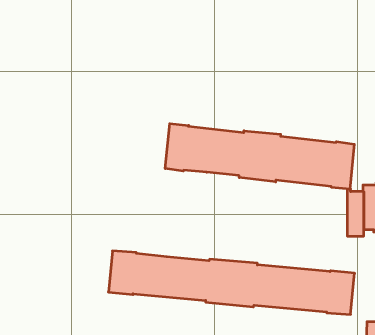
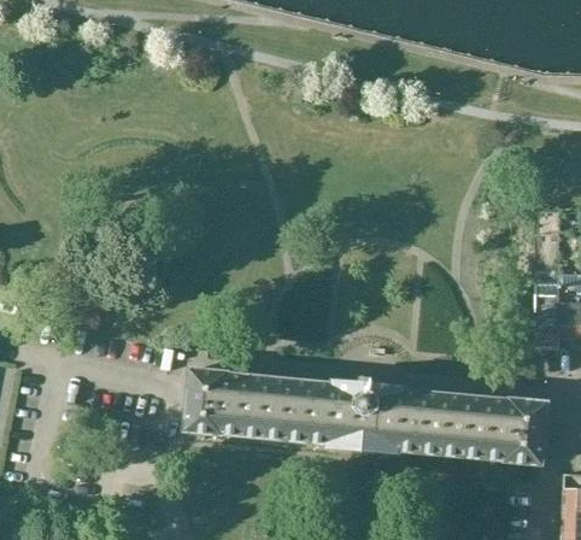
building: [165,124,354,189] -> none

